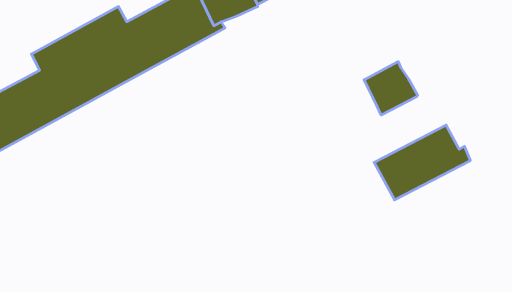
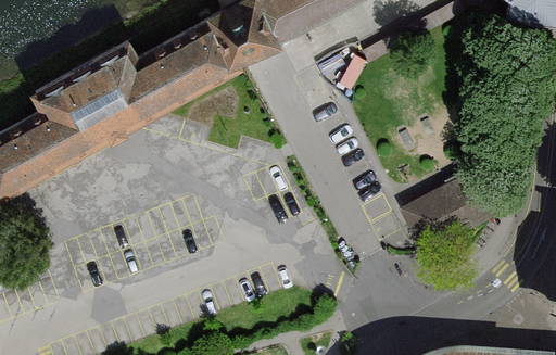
building: [364,62,418,115] -> none

